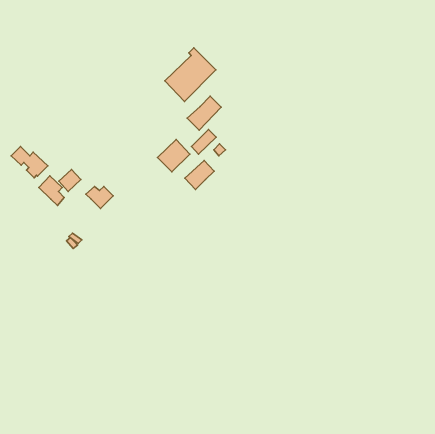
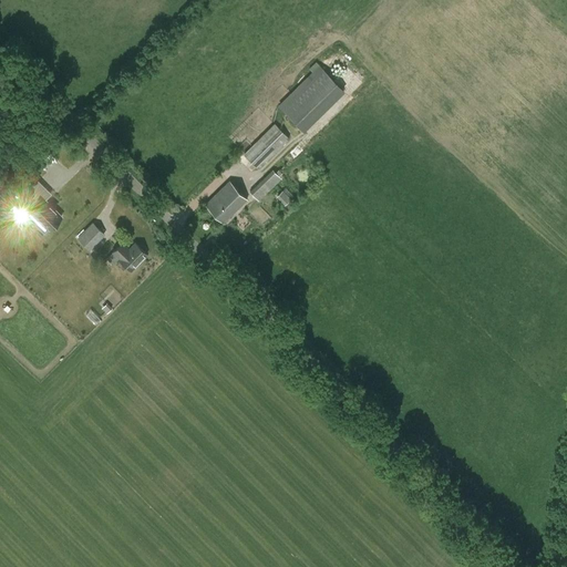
building: [165,48,216,101] -> [278,62,344,132]
building: [185,161,214,190] -> none
building: [39,176,64,206] -> none

